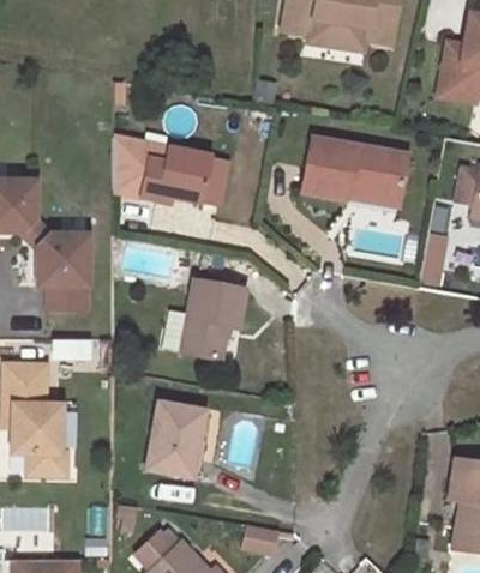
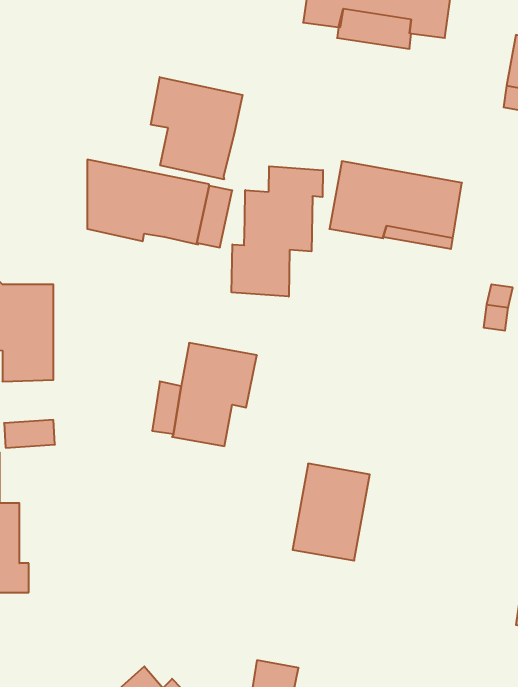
building: none -> [151,77,243,179]
building: none -> [232,166,323,297]
building: [146,402,206,477] -> [293,464,370,561]

